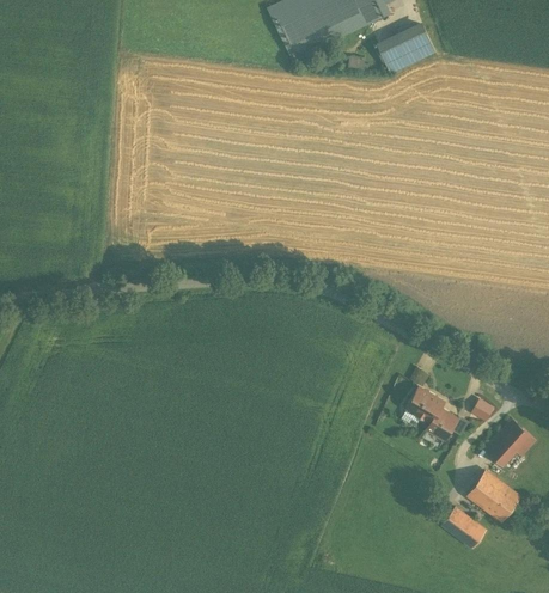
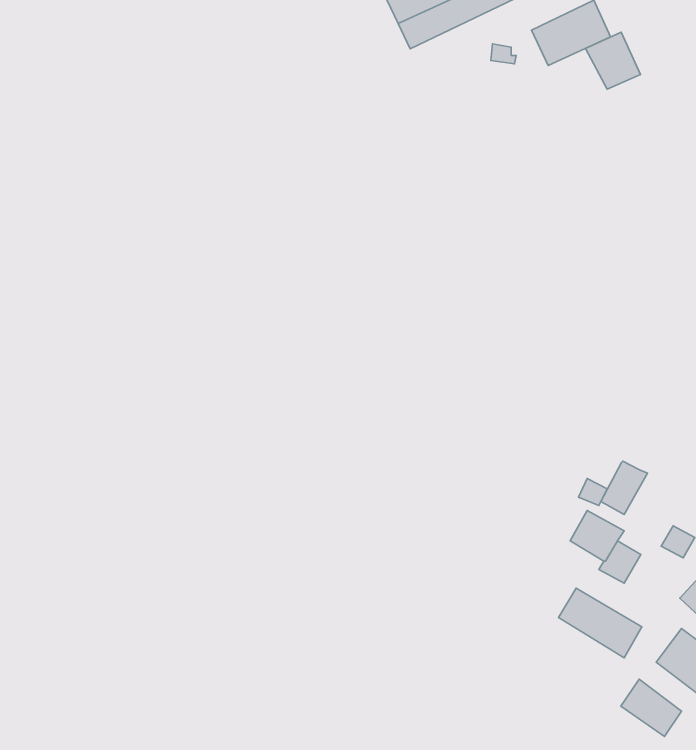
building: none -> [585,32,640,89]
building: none -> [601,461,647,514]
building: none -> [558,588,642,658]

